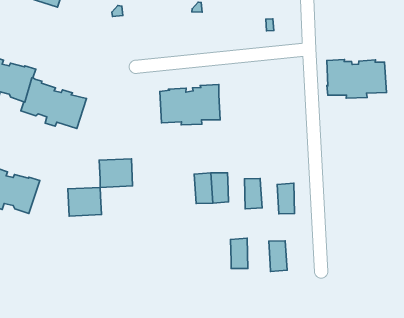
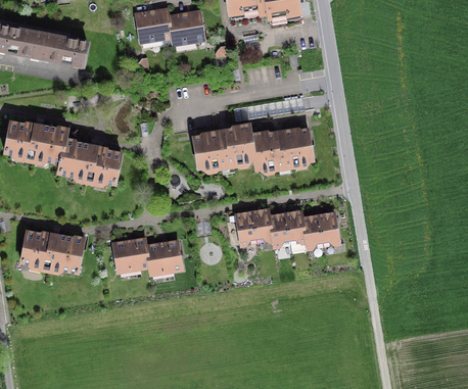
building: [327,60,386,98] -> [250,128,313,168]
building: [99,159,133,187] -> [145,241,181,273]
building: [230,238,248,269] -> [269,213,289,245]
building: [269,241,287,271] -> [301,215,323,247]

